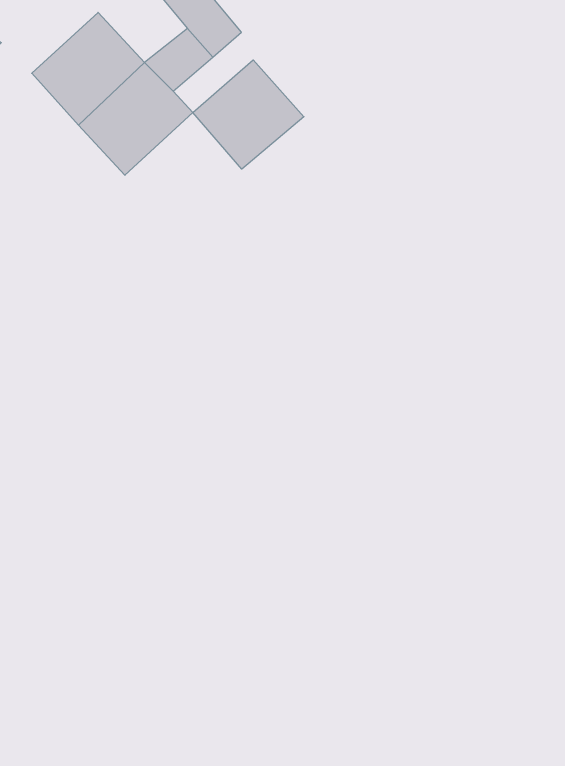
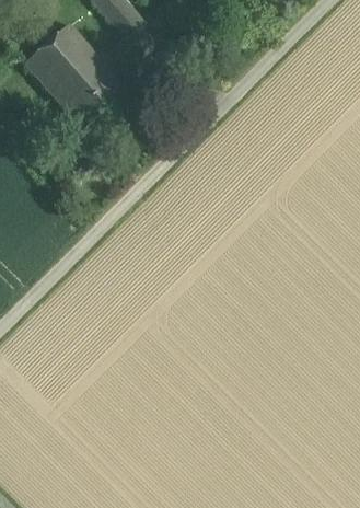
building: [193,60,304,169] -> none

